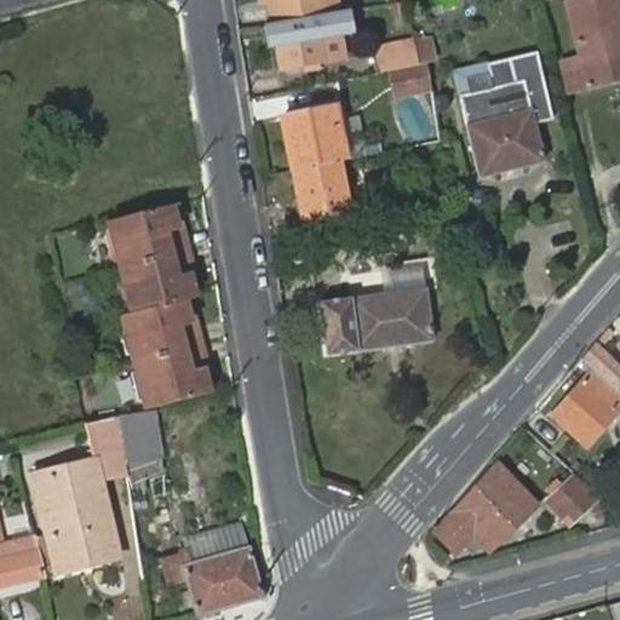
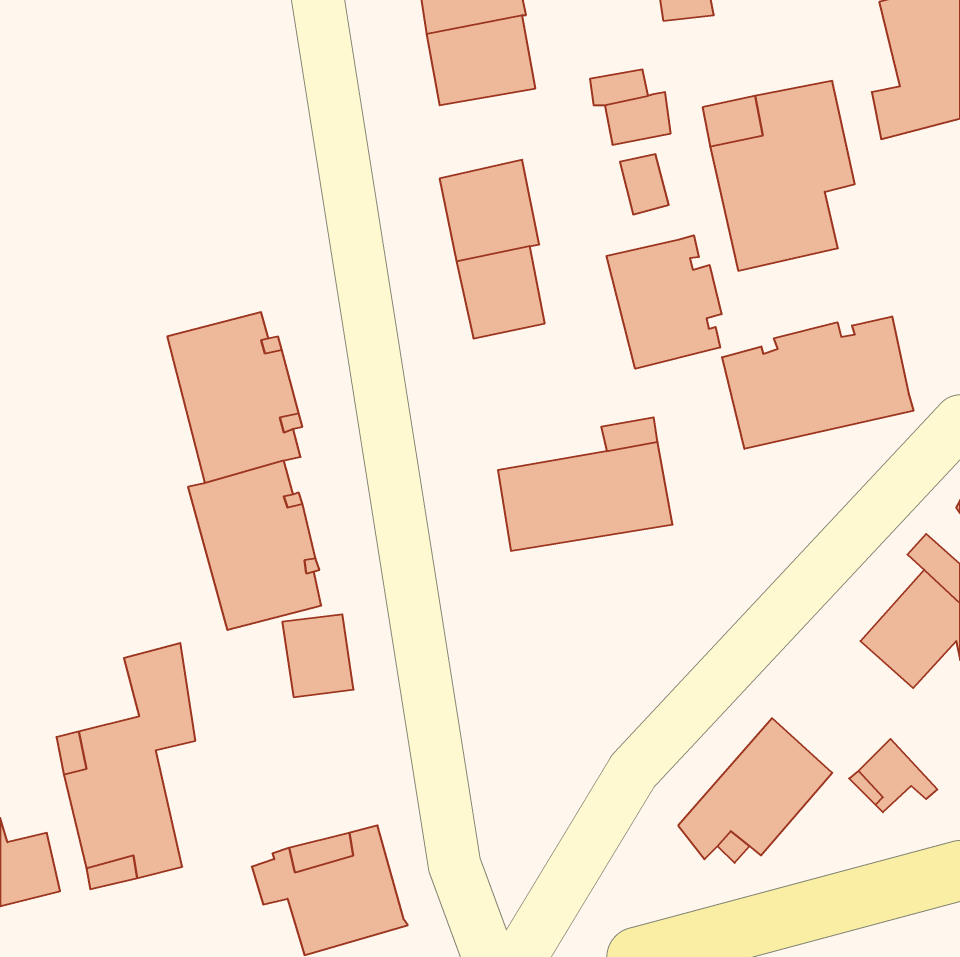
building: none -> [607,235,722,369]
building: none -> [722,316,913,449]
building: [117,409,163,463] -> [282,614,354,697]

